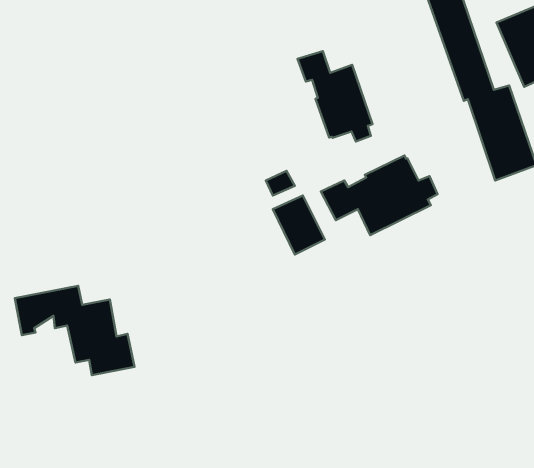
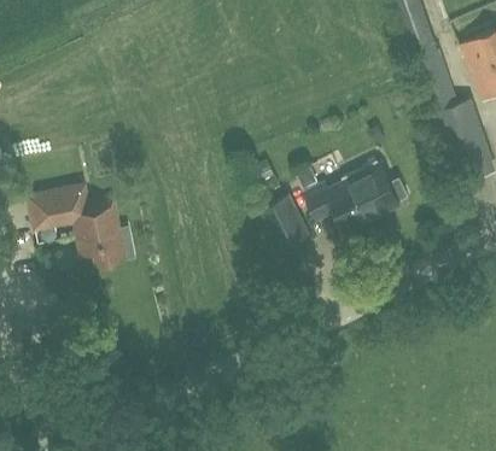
building: [298,51,373,141] -> none
building: [15,286,134,375] -> [29,186,134,264]

